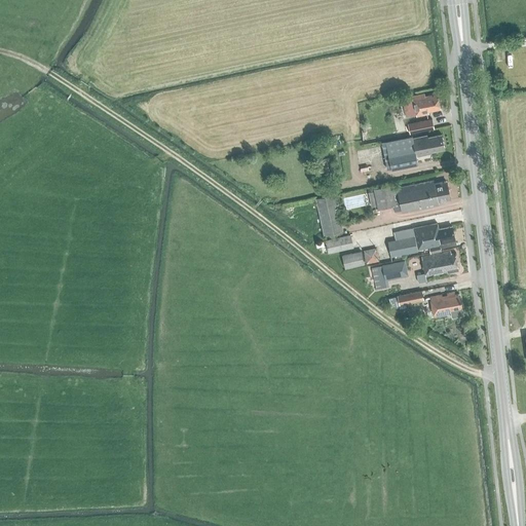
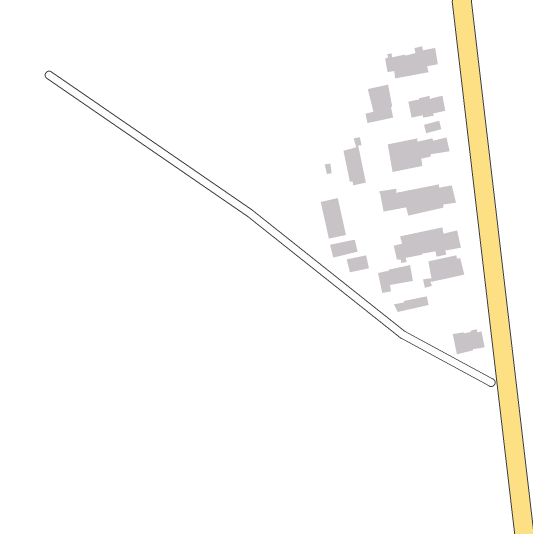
building: none -> [384,45,439,79]
building: none -> [365,84,394,124]
building: none -> [343,136,367,186]
building: [428,292,461,317] -> [452,329,485,355]

